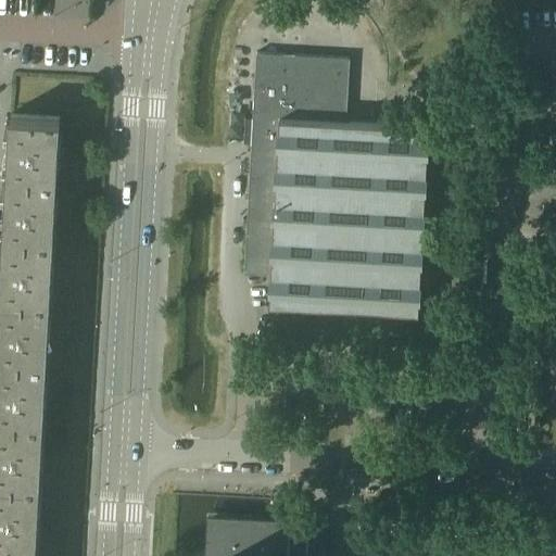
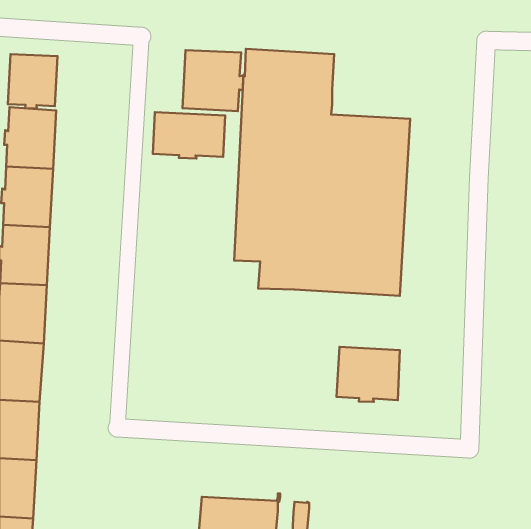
building: none -> [182,50,243,111]
building: none -> [8,54,58,109]
building: none -> [153,112,225,158]
building: none -> [337,347,400,402]

